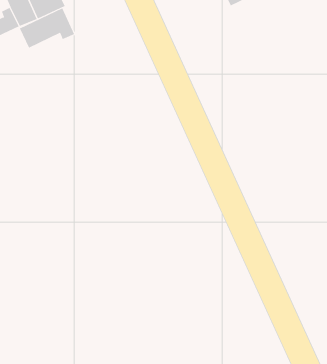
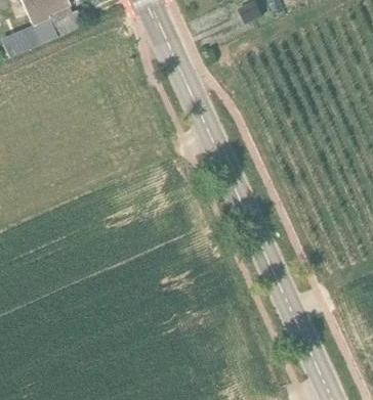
building: [19,8,75,48] -> none

